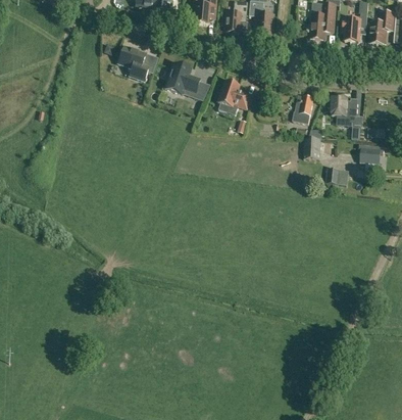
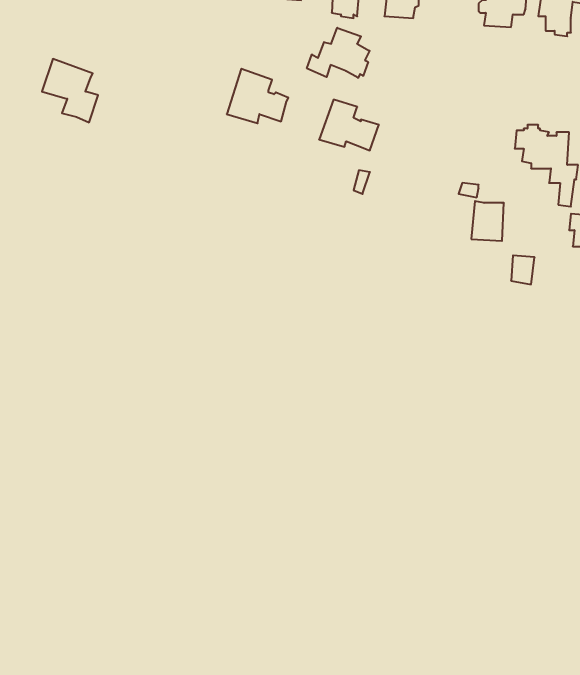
building: none -> [307,28,370,78]
building: [117,45,149,81] -> [42,59,98,122]
building: [293,95,313,124] -> none

